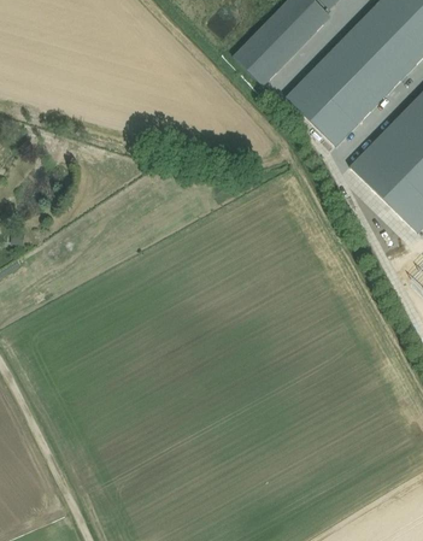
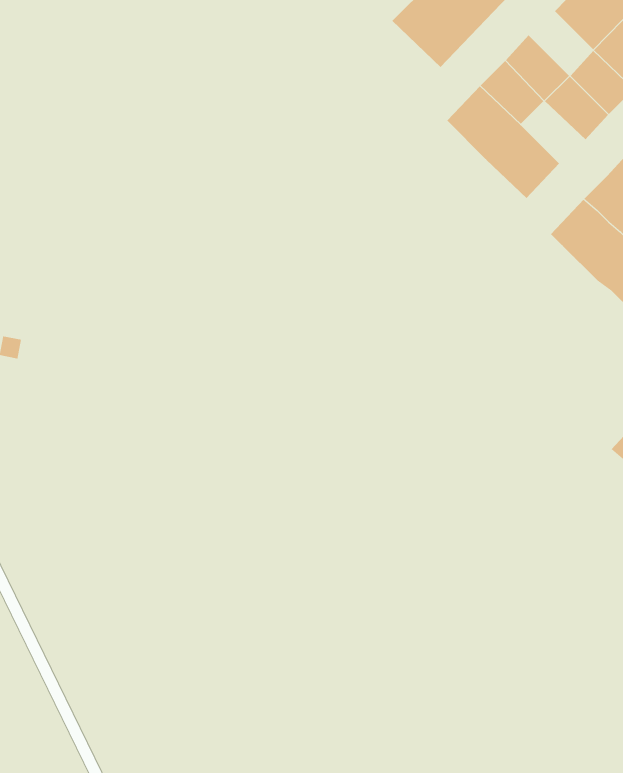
building: [337,29,377,69] -> none
building: [234,35,283,84] -> none
building: [333,84,372,123] -> none

